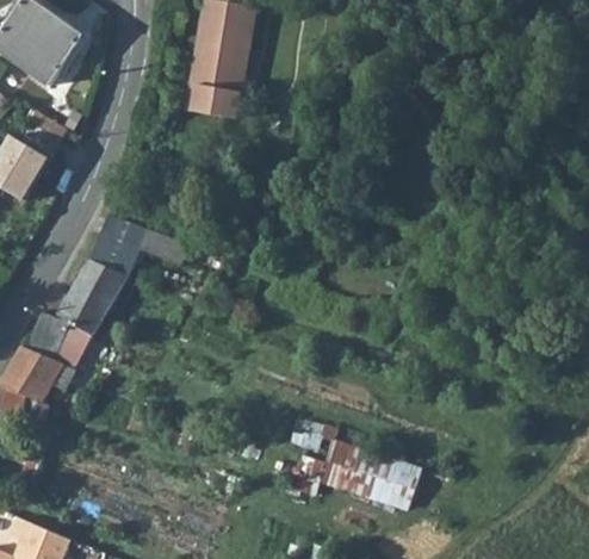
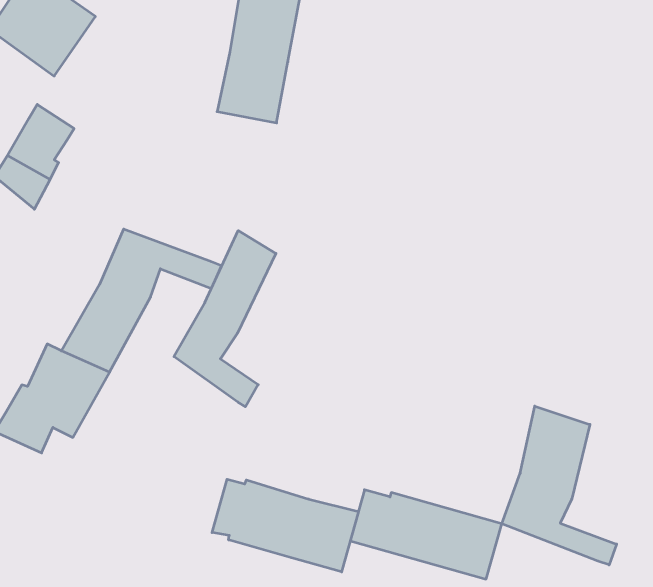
building: none -> [174,231,276,407]
building: none -> [502,406,617,565]
building: none -> [212,479,358,572]

